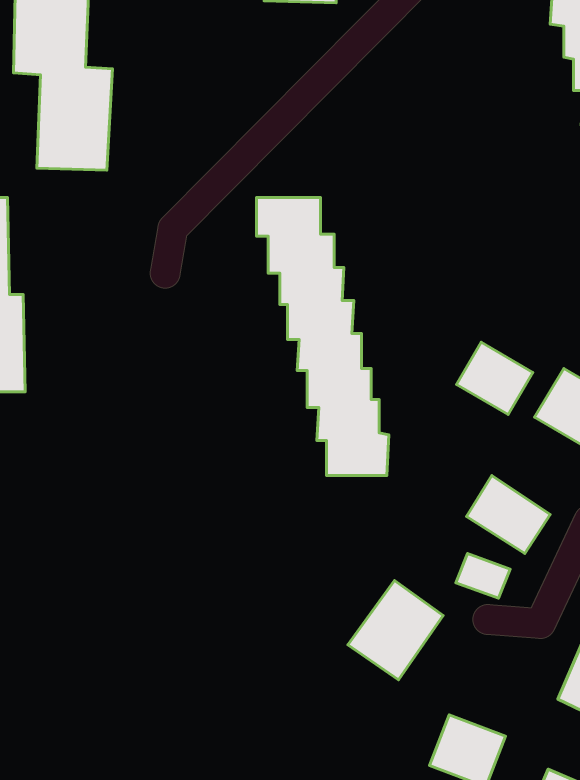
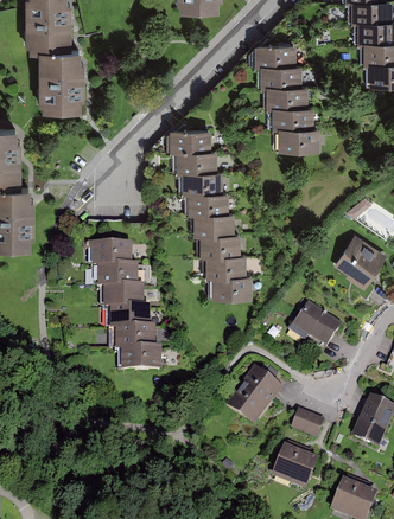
building: none -> [249,43,317,153]
building: [456,342,533,415] -> none
building: none -> [89,245,160,372]
building: [456,554,510,598] -> [291,410,324,437]

